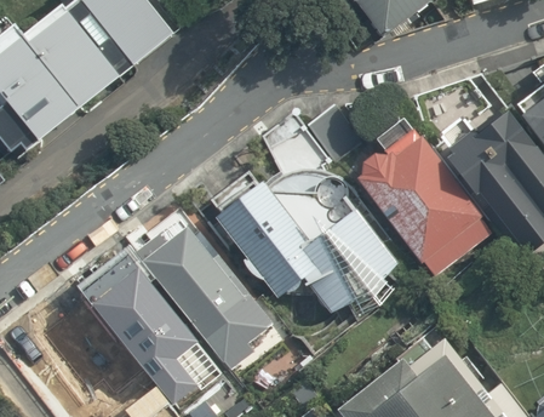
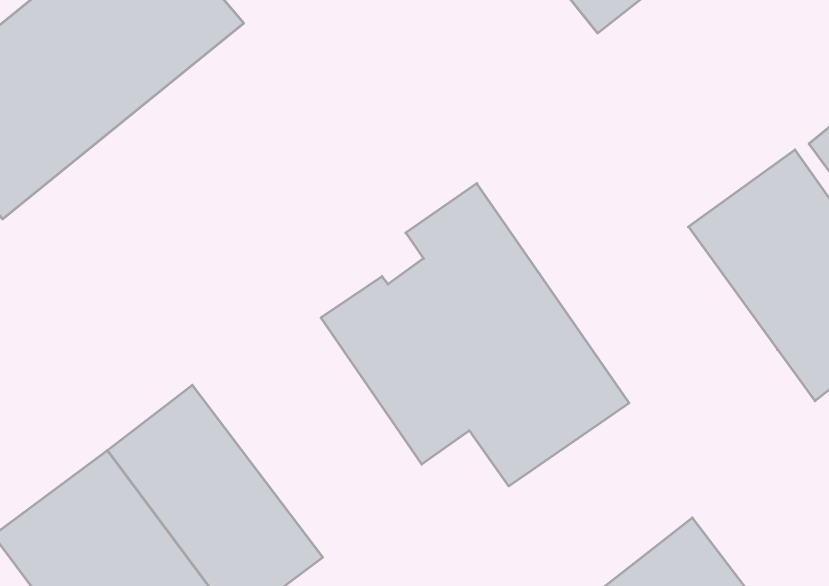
building: [355,125,496,279] -> none
building: [137,216,269,360] -> none

